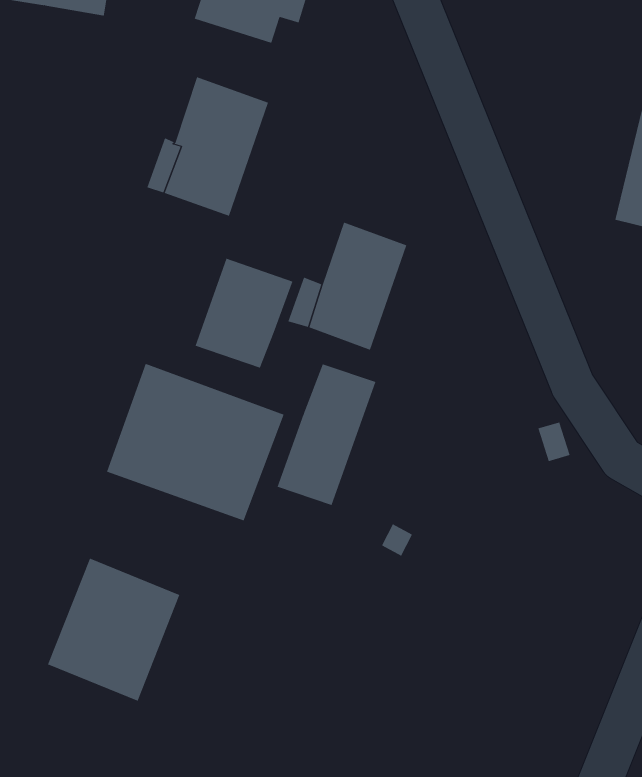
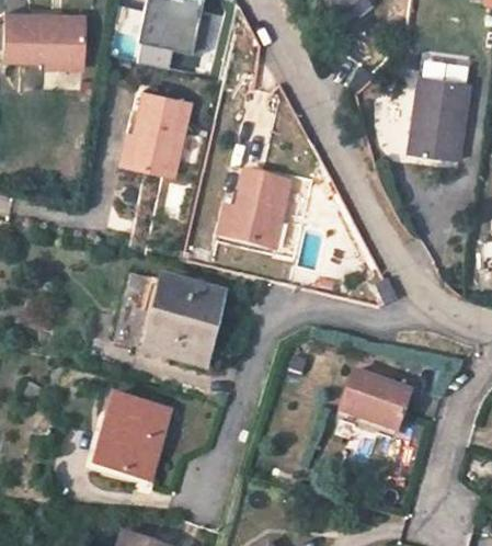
building: [195,258,293,369] -> none
building: [277,364,376,506] -> none
building: none -> [339,369,412,431]

